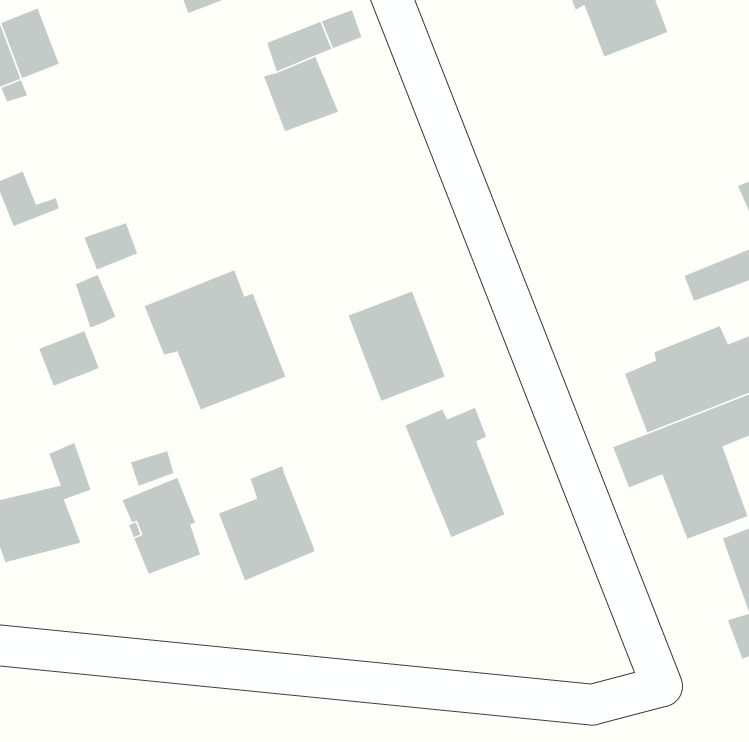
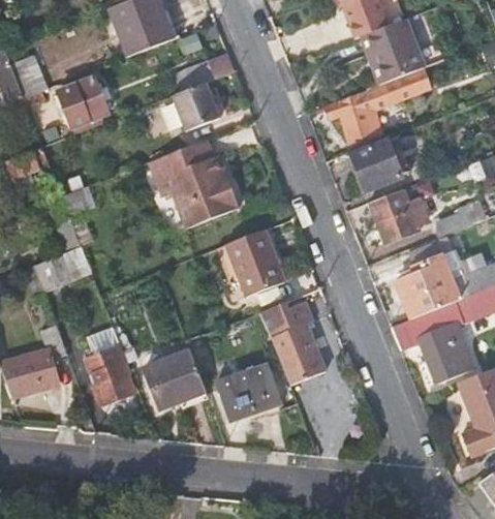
building: none -> [327,68,432,144]
building: none -> [55,70,106,125]
building: none -> [349,141,401,190]
building: none -> [369,187,430,243]
building: [144,269,287,411] -> [150,139,239,226]
building: none -> [186,331,280,422]

